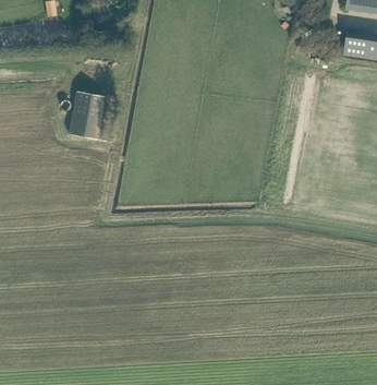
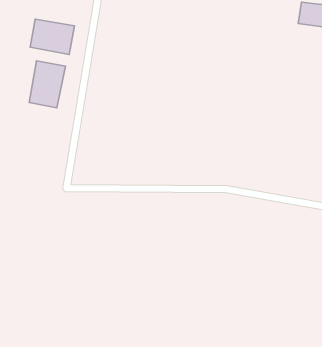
building: none -> [30,19,75,55]

